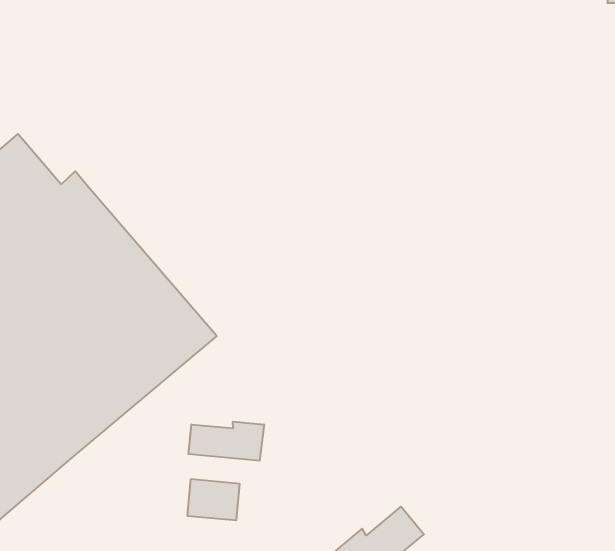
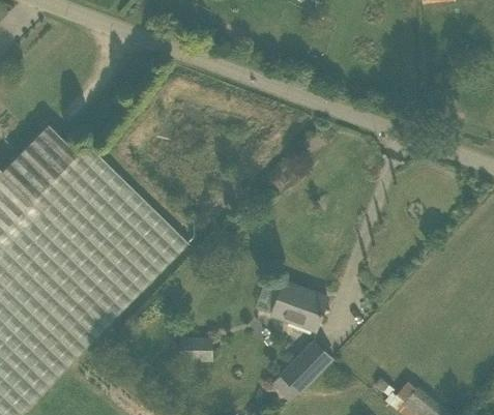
building: none -> [271,281,327,330]
building: [189,422,264,461] -> none

